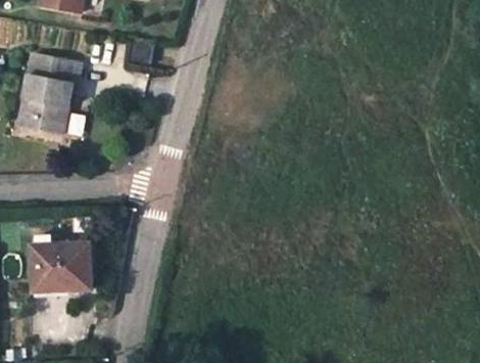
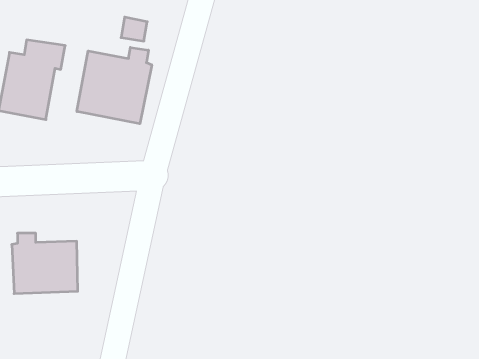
building: none -> [77,47,152,124]

